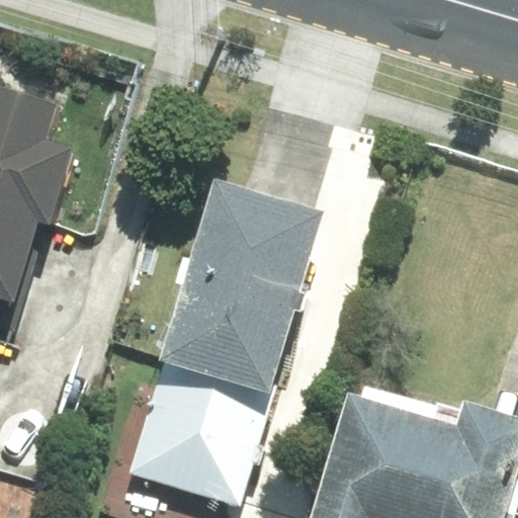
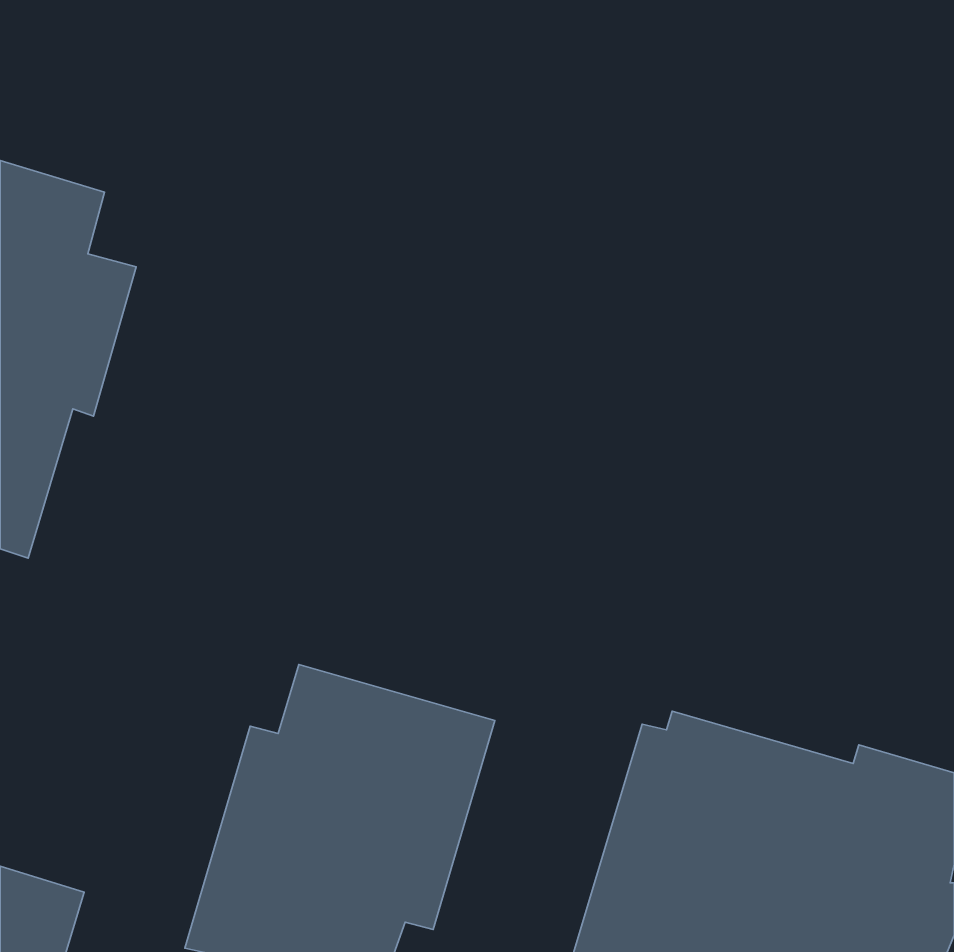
building: [162,181,322,392] -> none

